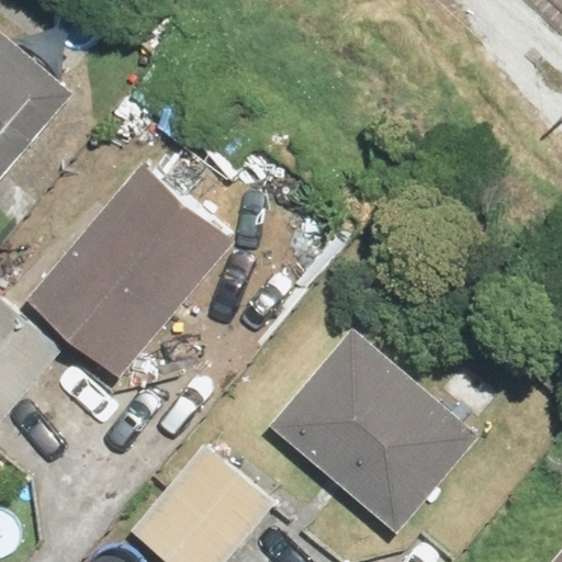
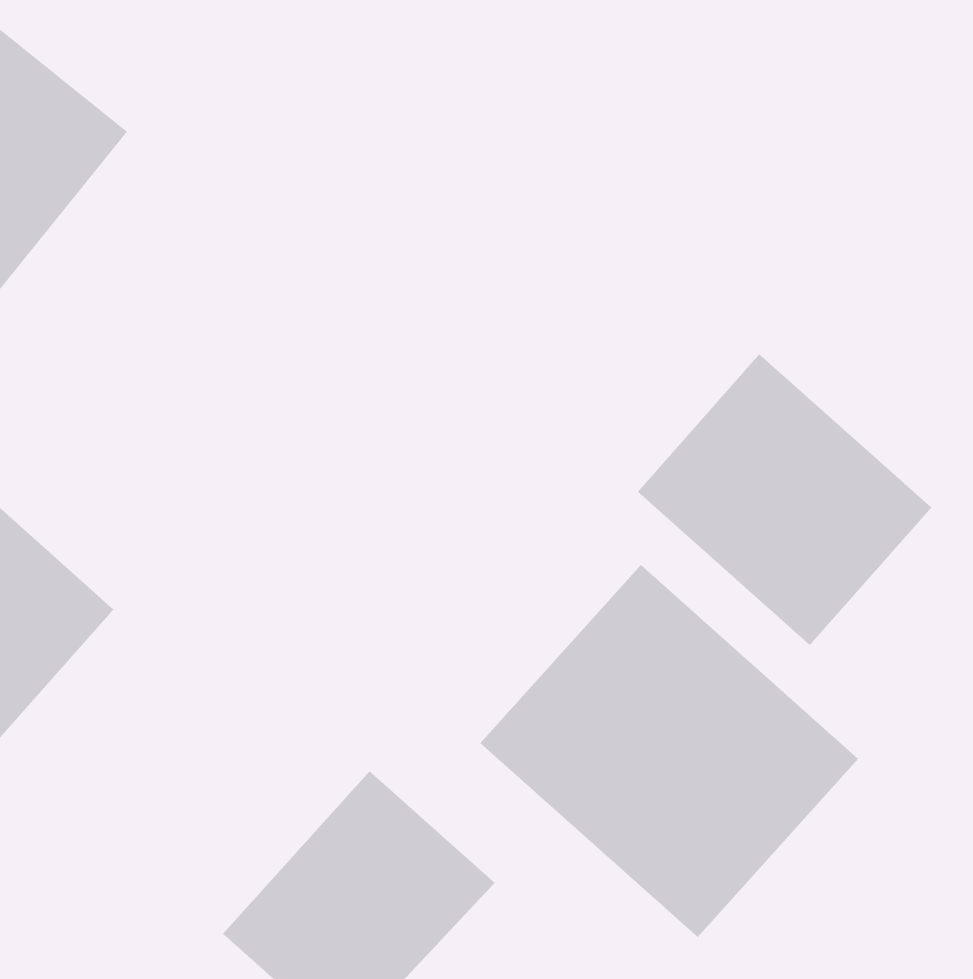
building: [27,162,235,375] -> none
building: none -> [637,353,932,646]

